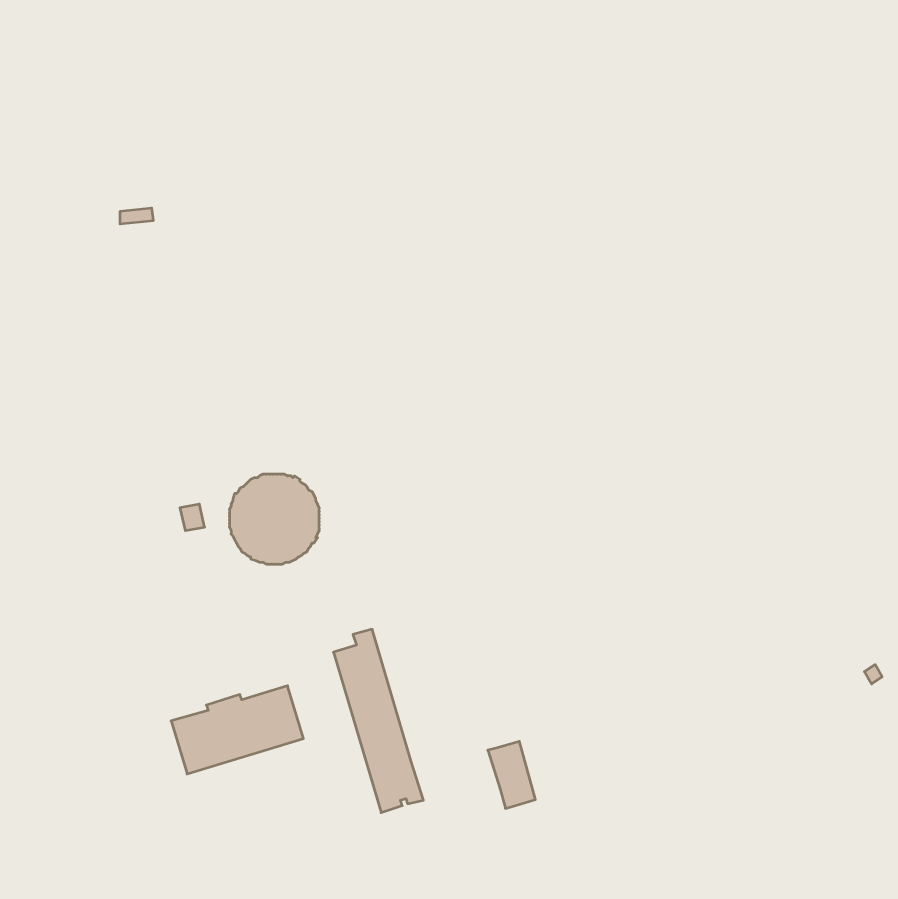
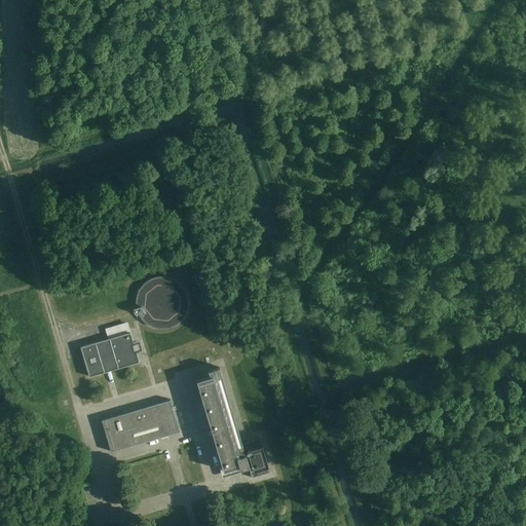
building: none -> [78,333,138,378]
building: [488,741,535,808] -> [239,440,267,479]

